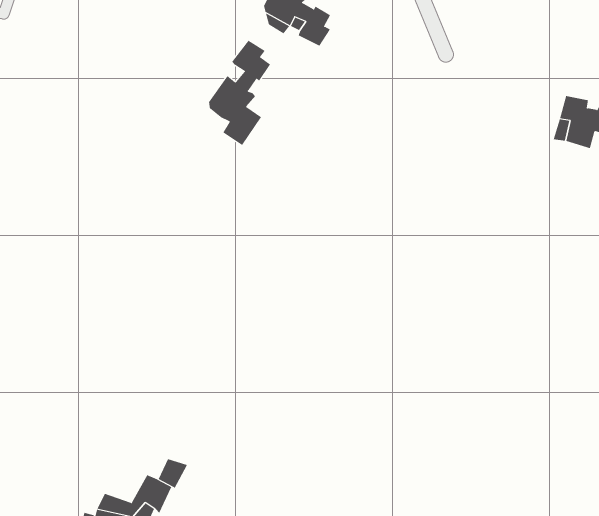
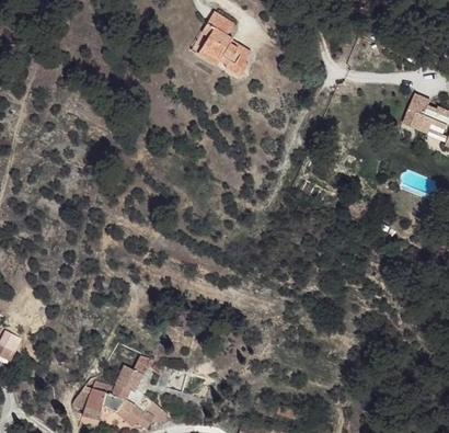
building: [209,40,271,146] -> none

